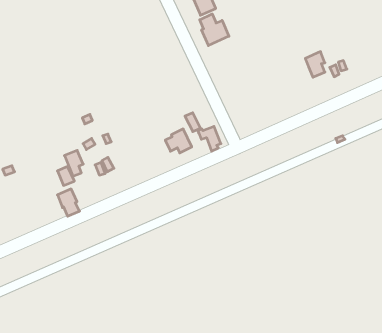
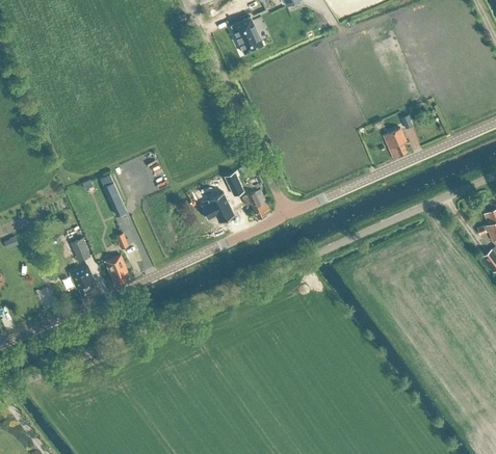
building: [200,14,229,46] -> none
building: [305,52,325,77] -> [383,127,407,158]
building: [64,150,83,176] -> [105,253,128,285]

